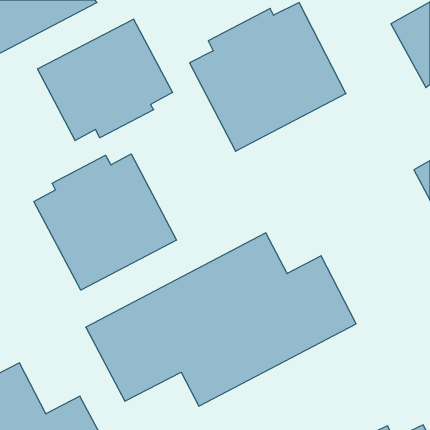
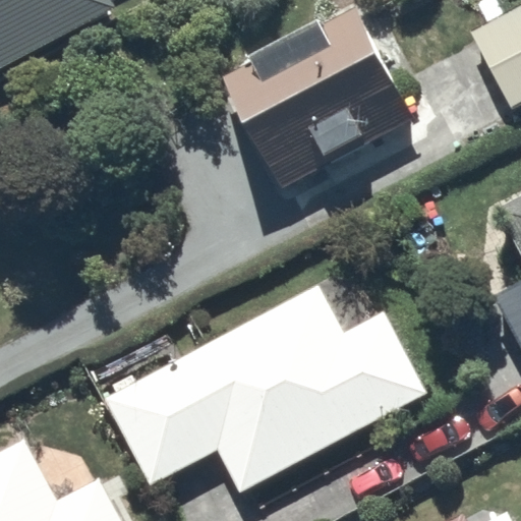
building: [38,19,172,141] -> none
building: [34,154,176,290] -> none

